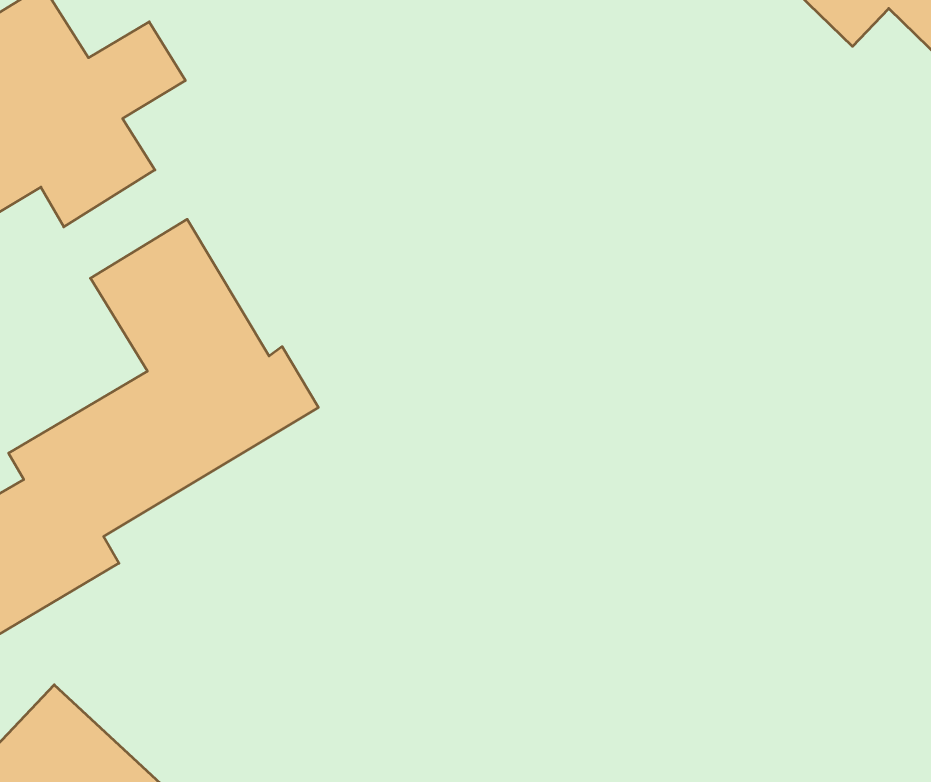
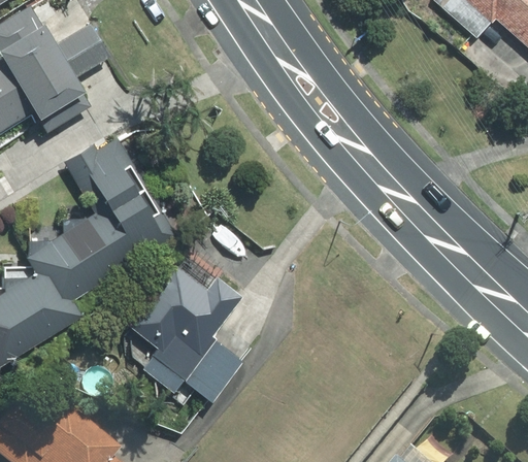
building: none -> [121,266,243,408]

